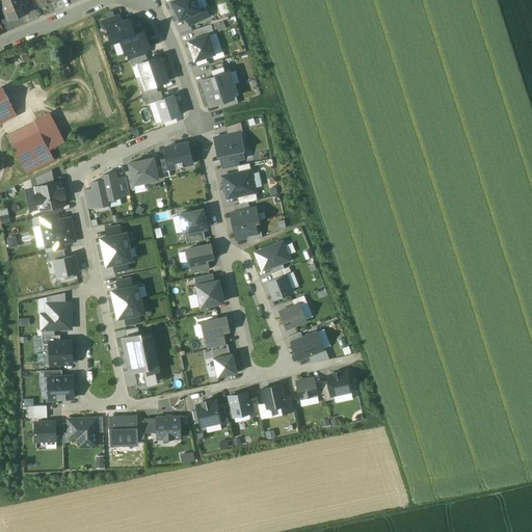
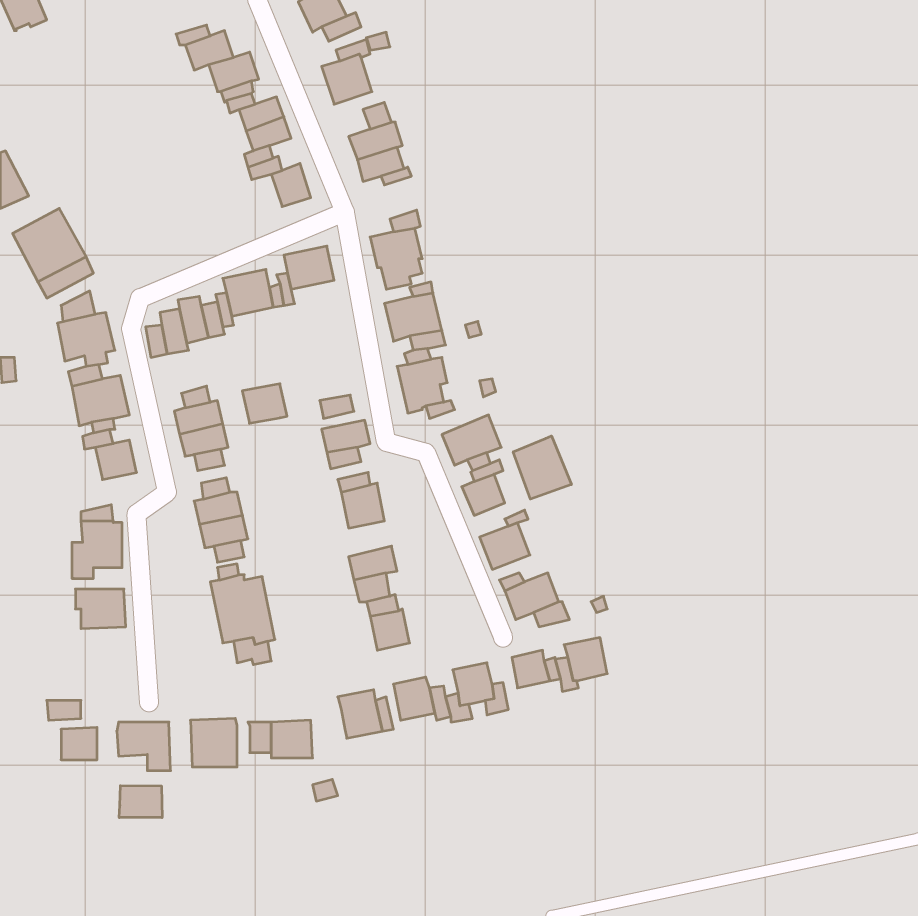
building: [34,111,64,149] -> none
building: [181,209,207,232] -> [242,384,287,423]
building: none -> [513,436,571,499]
building: [47,375,74,398] -> none
building: none -> [119,786,162,818]

